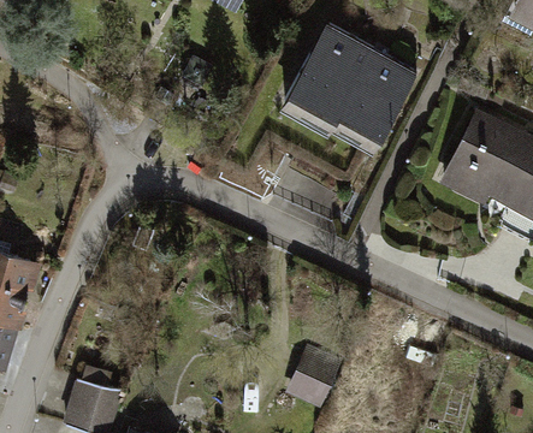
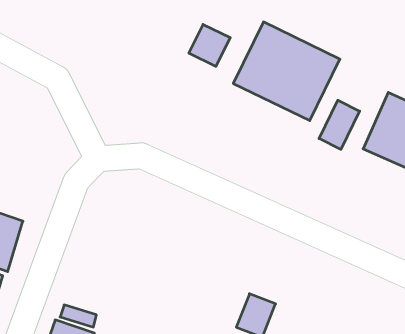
building: none -> [189,24,230,66]
building: none -> [319,100,360,149]

